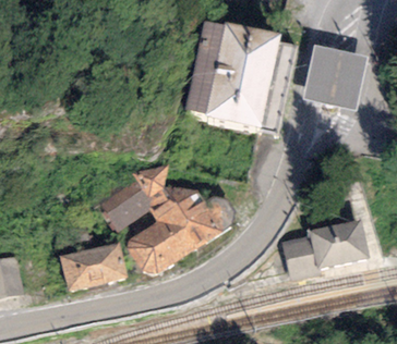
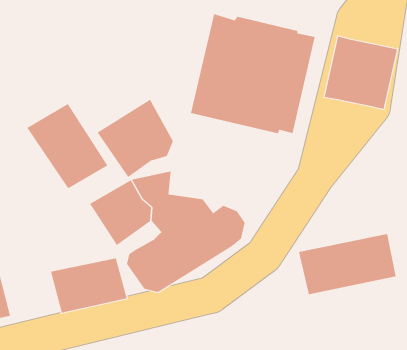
building: none -> [97,99,174,178]
building: none -> [26,103,108,189]

